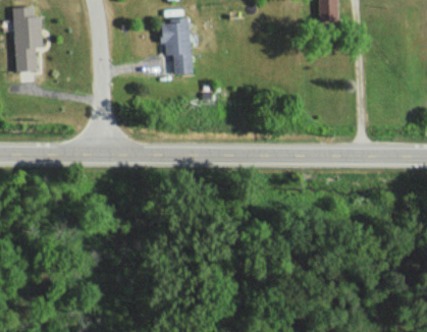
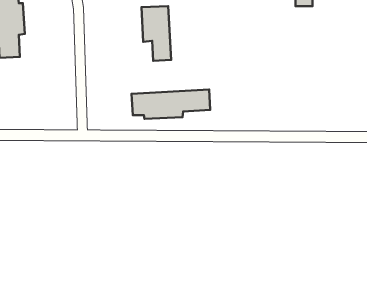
building: none -> [132,89,210,119]

